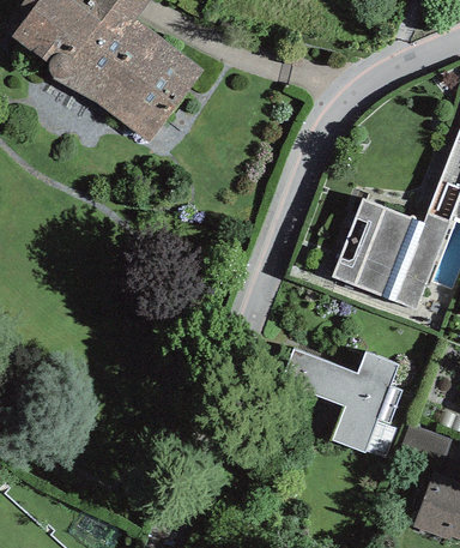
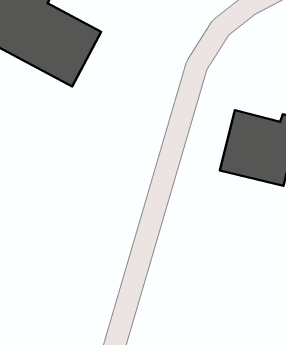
building: [280,347,402,452] -> none

